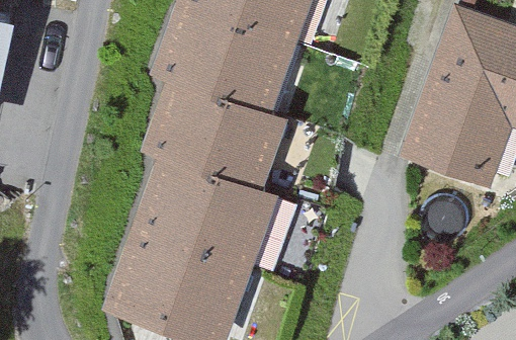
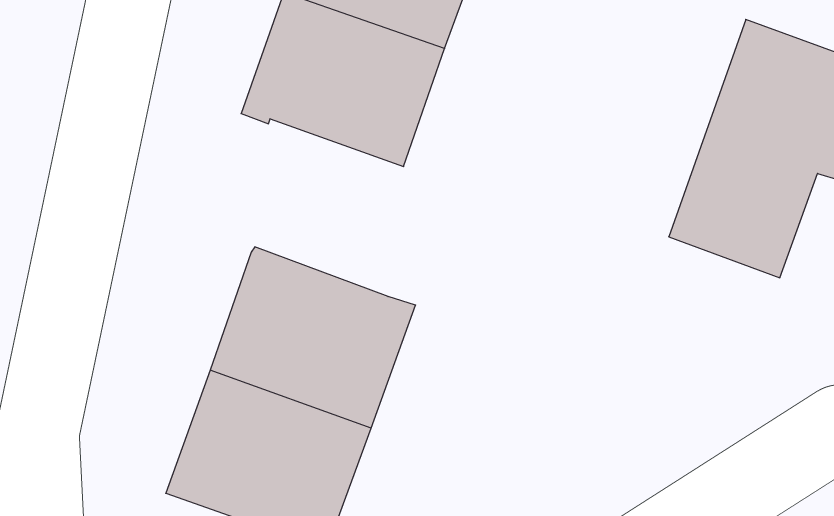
building: [154,84,275,189] -> none

